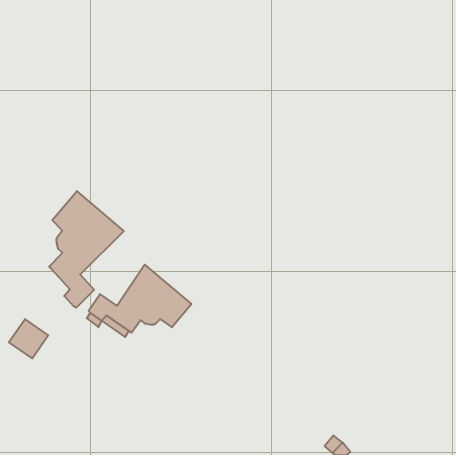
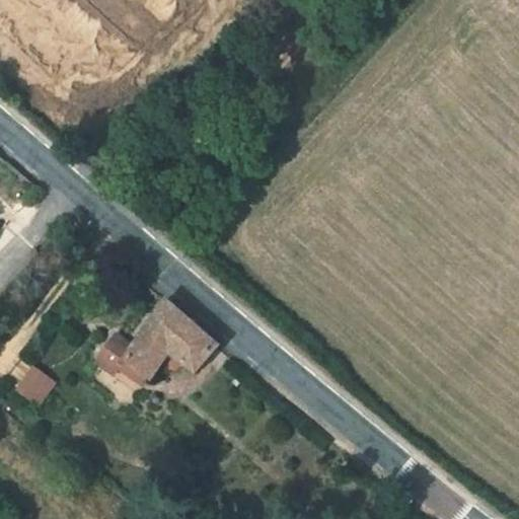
building: [49,191,124,308] -> none

